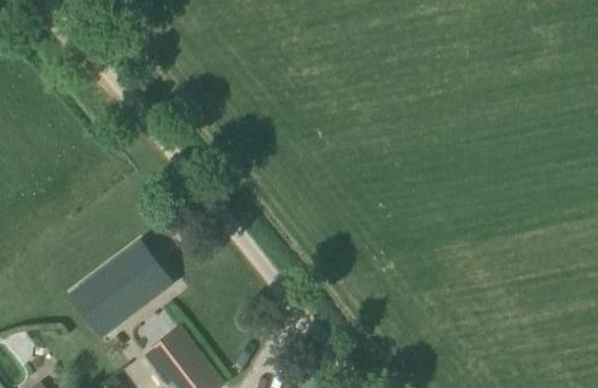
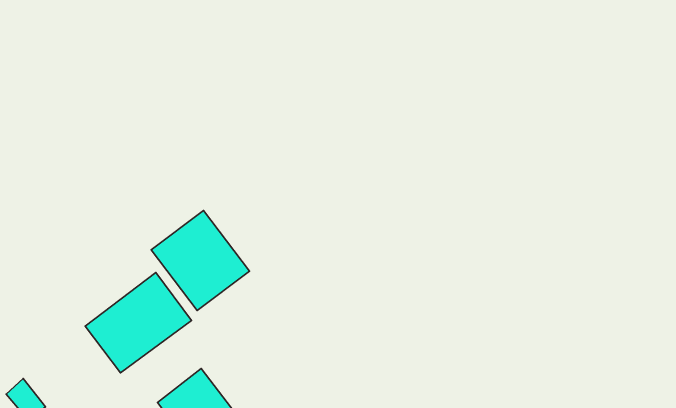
building: none -> [151,210,249,310]

